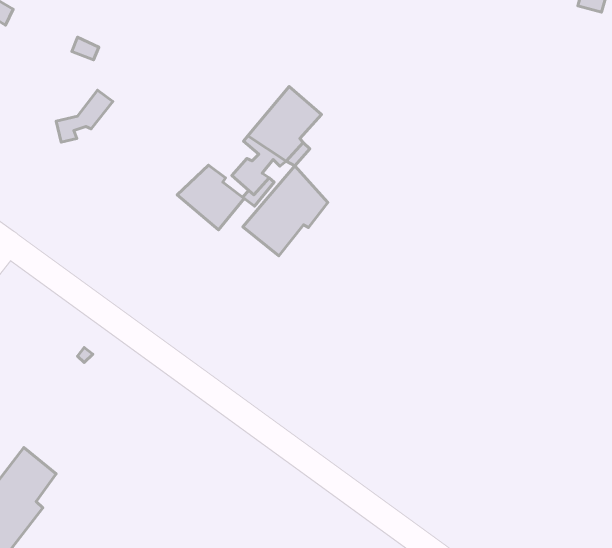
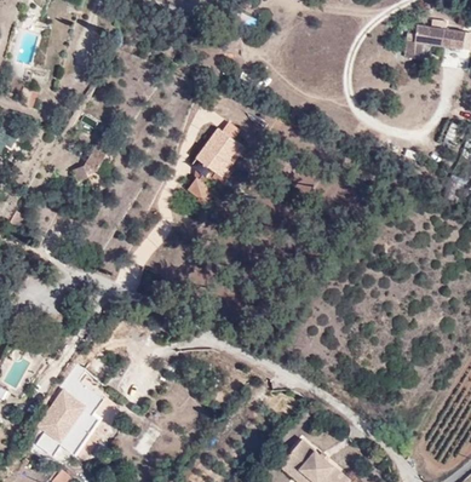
building: [177,165,244,230] -> none
building: [243,166,328,256] -> none

